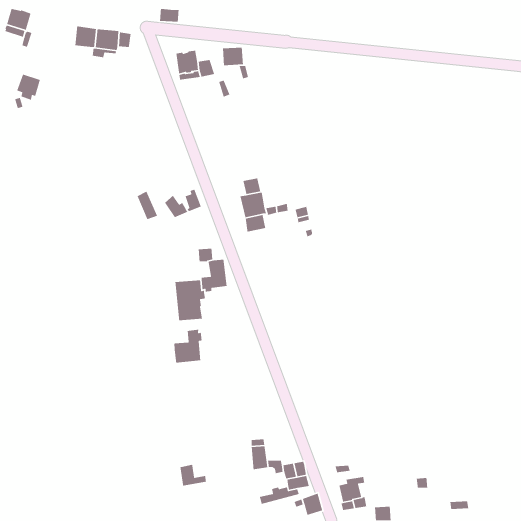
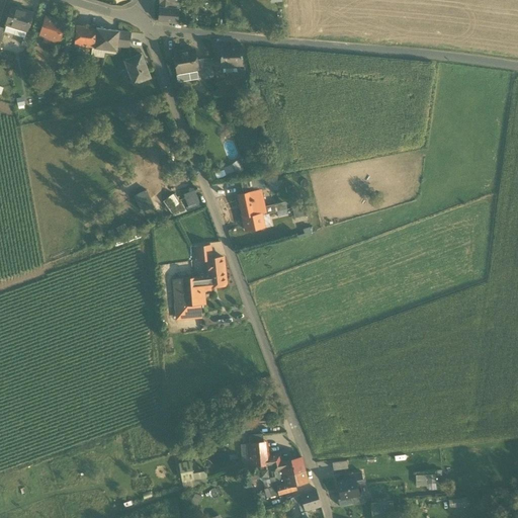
building: none -> [124,55,150,83]
building: [16,73,41,101] -> [39,17,64,45]
building: [173,329,202,363] -> none

